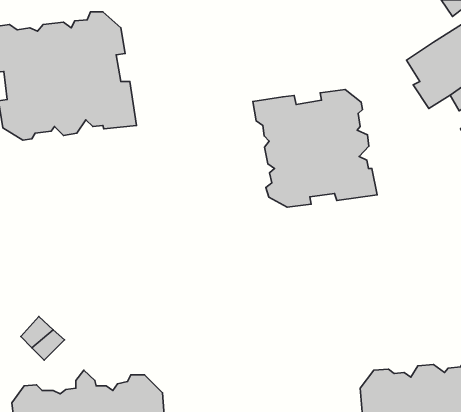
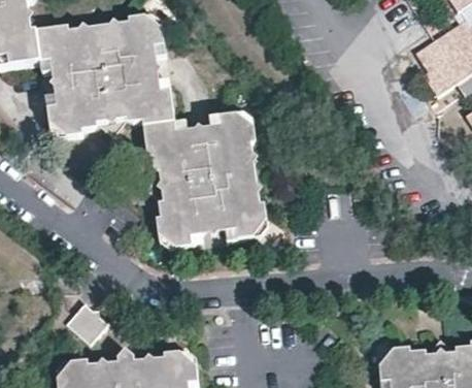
building: [253,89,377,207] -> none
building: none -> [142,109,266,246]

